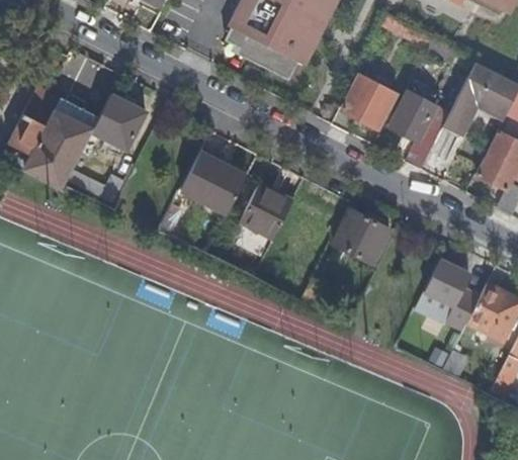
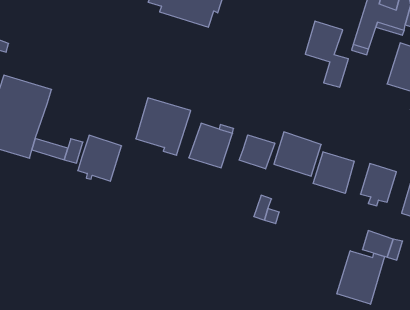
building: [331,73,397,132] -> none
building: [92,94,146,150] -> [78,135,122,181]
building: none -> [239,135,275,169]
building: none -> [313,152,354,193]
building: none -> [337,251,384,304]

